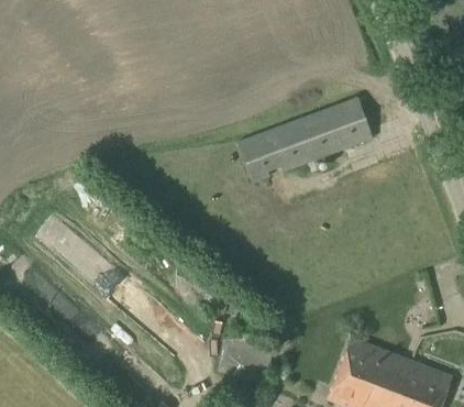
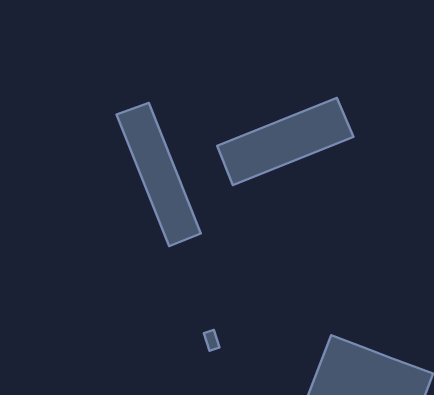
building: none -> [116,103,201,246]

